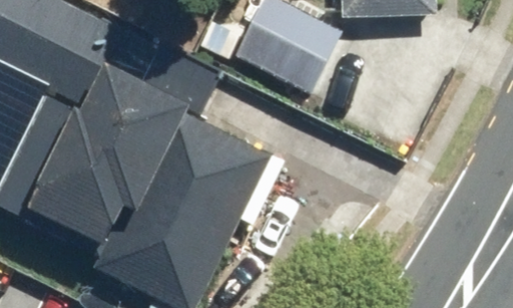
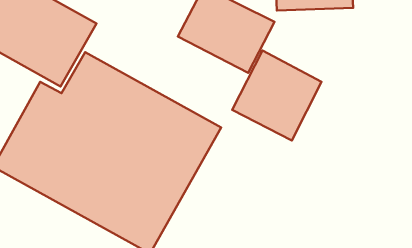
building: none -> [232,51,321,140]

